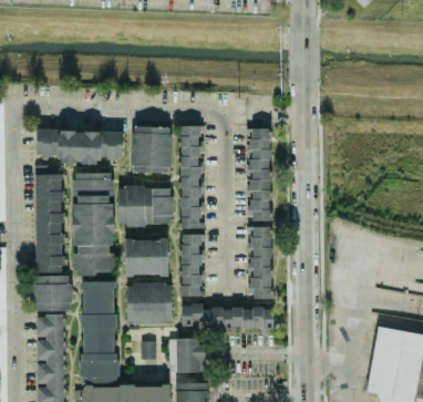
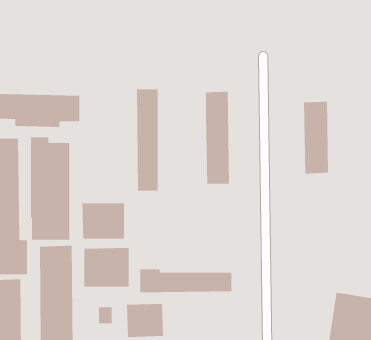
building: [131,126,172,173] -> none
building: [117,186,173,225] -> none
building: [247,226,272,299] -> [303,101,329,174]
building: [180,234,202,296] -> none

